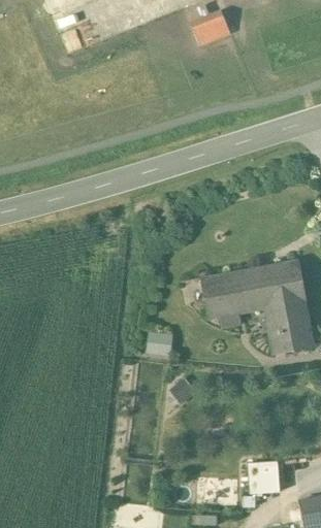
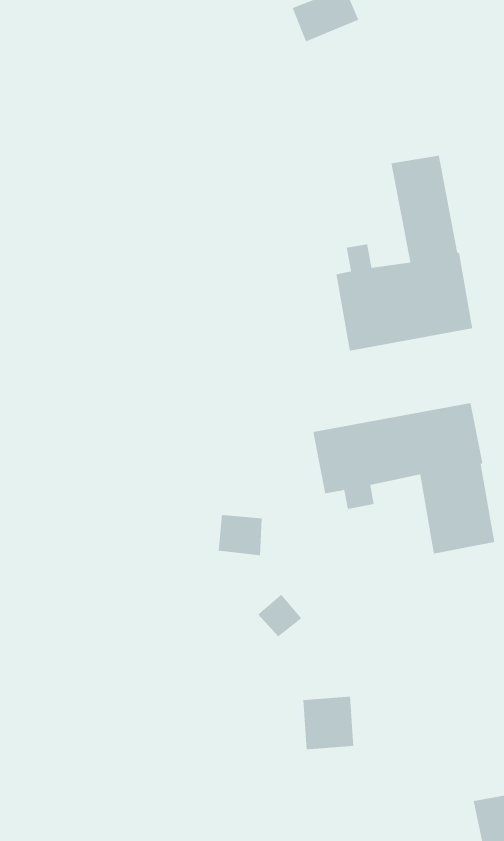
building: none -> [336,155,473,352]
building: [249,461,280,493] -> [303,696,354,750]

